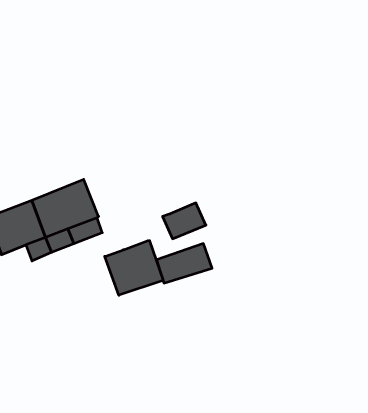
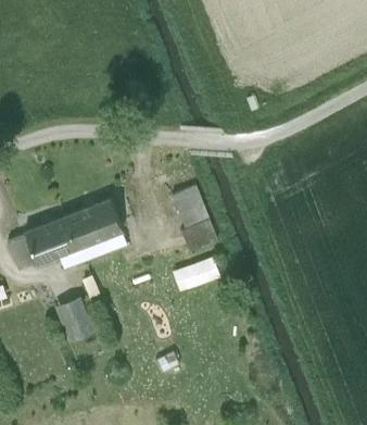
building: none -> [172,189,207,229]
building: [105,241,163,295] -> none
building: none -> [55,296,97,343]

